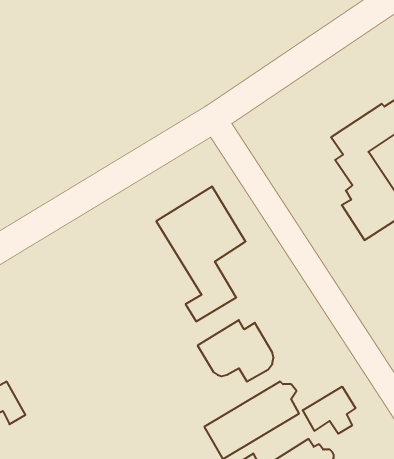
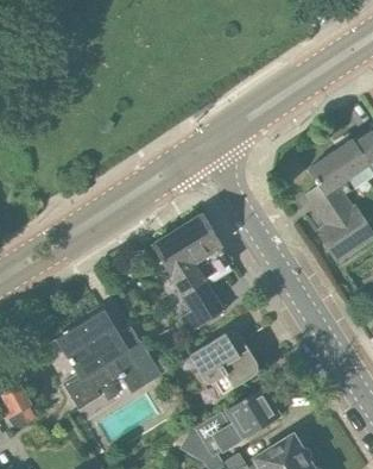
building: none -> [58,317,159,409]
building: [303,387,355,434] -> none

